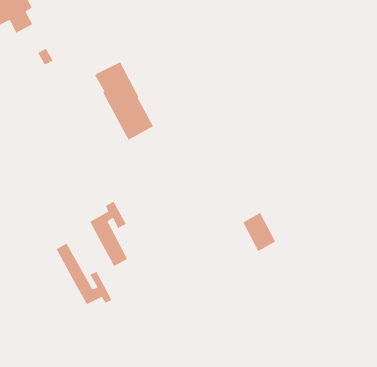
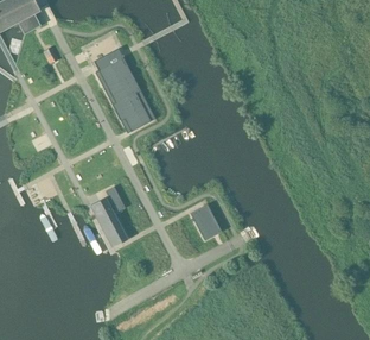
building: [242,212,276,252] -> [191,203,222,240]
building: [55,242,113,305] -> none

